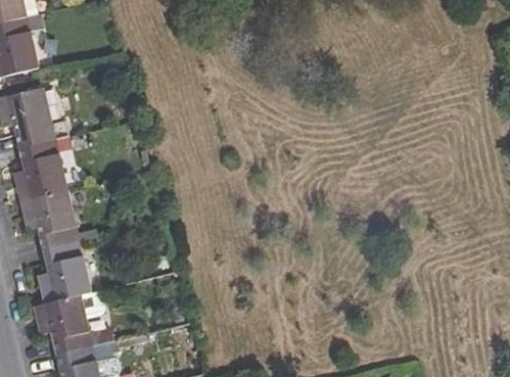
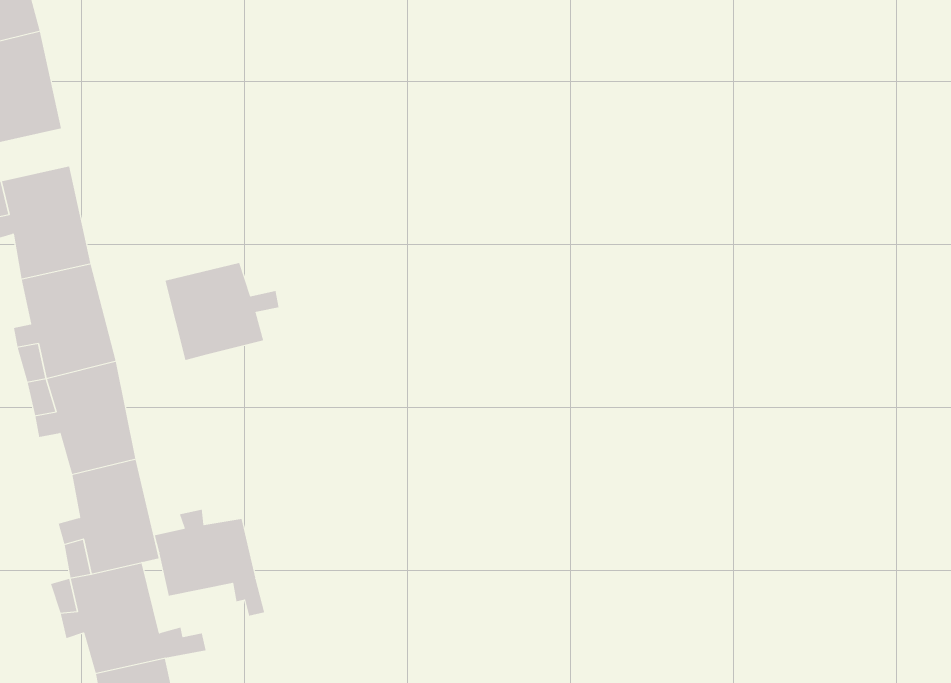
building: none -> [165,262,279,361]
building: none -> [154,509,265,617]

